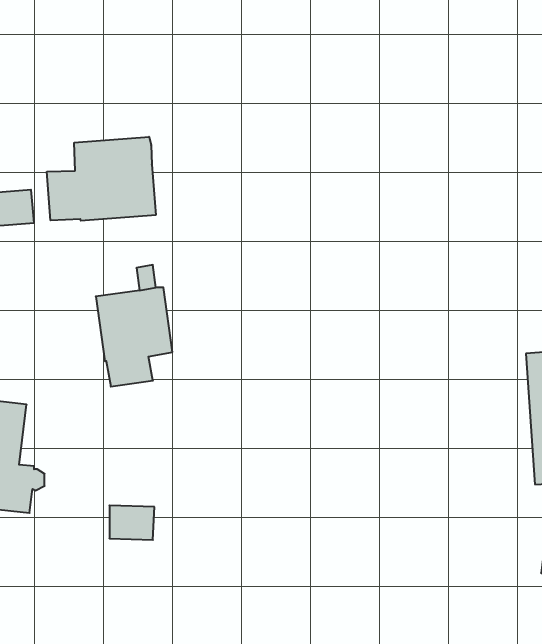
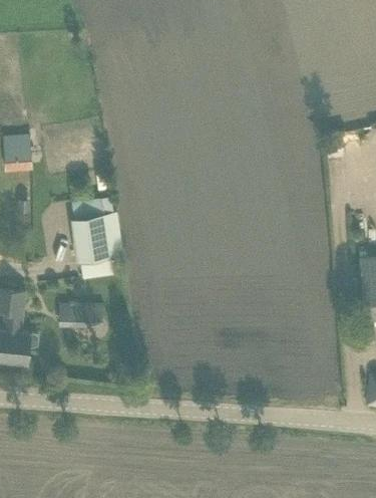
building: [47,137,156,221] -> none
building: [109,505,154,540] -> [72,301,102,324]

